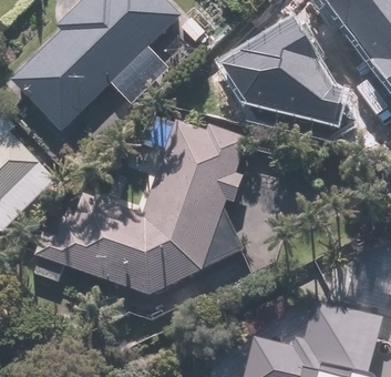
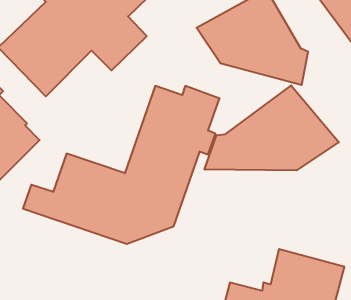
building: none -> [205,85,339,170]

